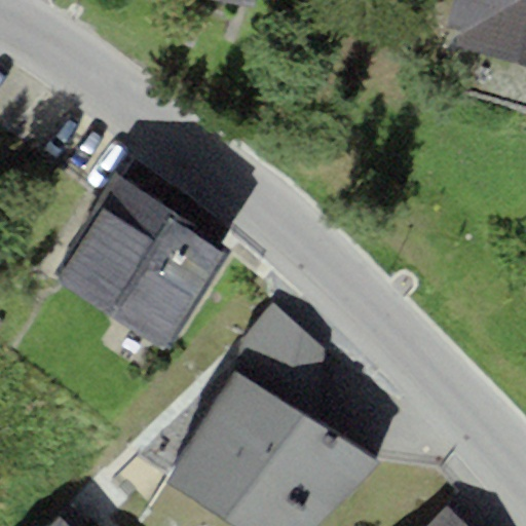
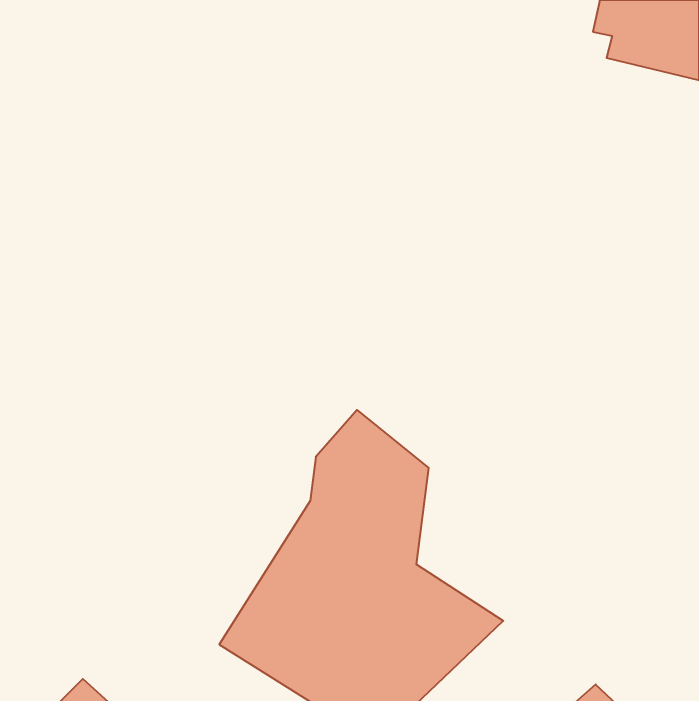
building: [59,176,228,348] -> none

